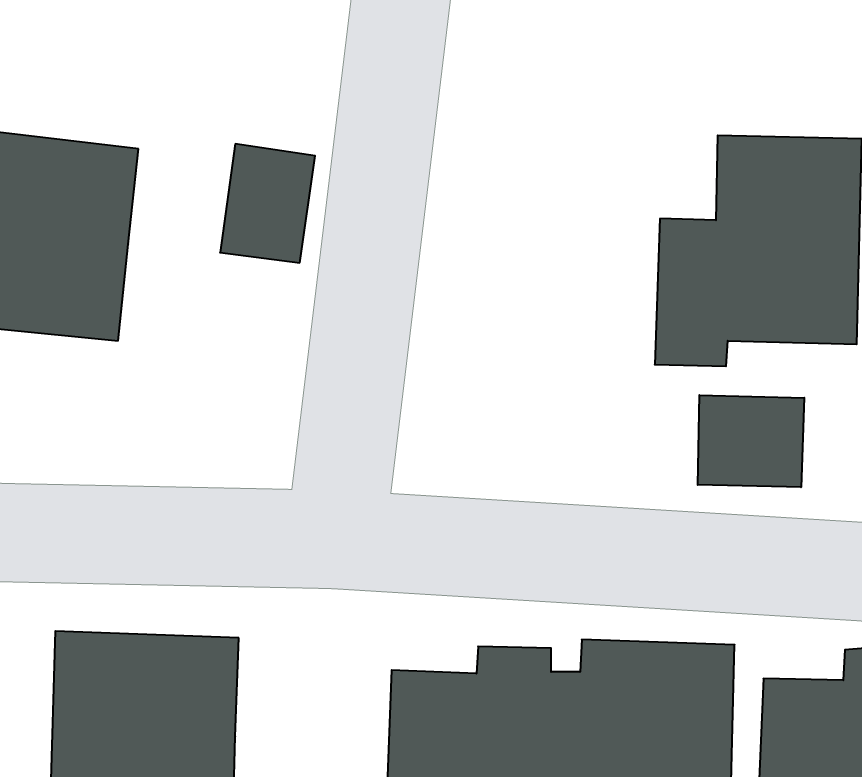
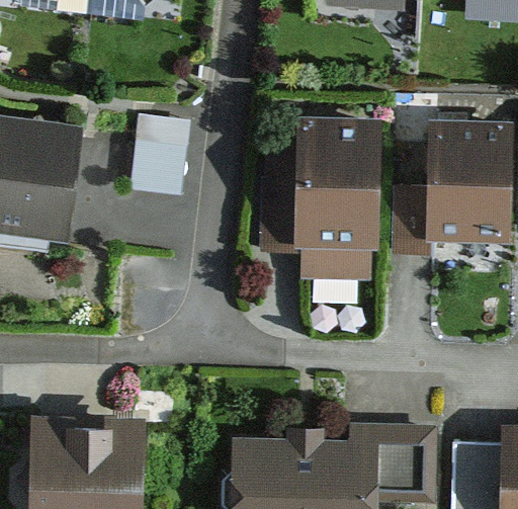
building: none -> [259,114,381,281]
building: [698,395,804,487] -> none

